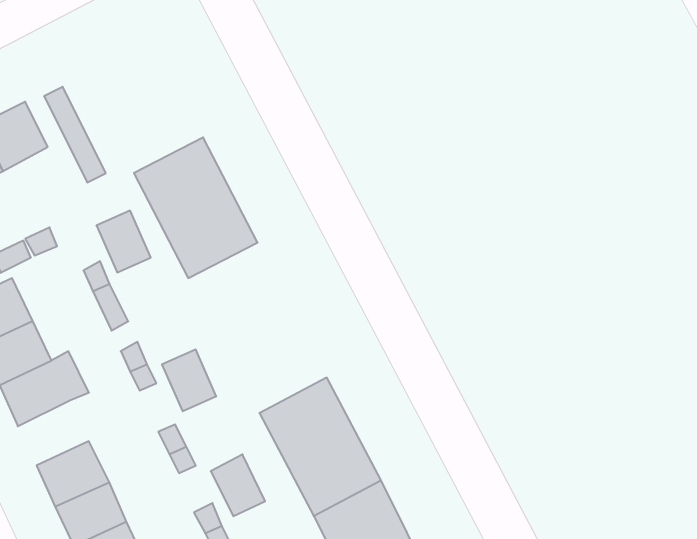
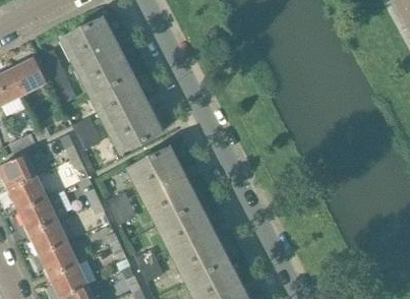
building: none -> [63,18,130,96]
building: none -> [131,148,197,226]
building: none -> [30,219,68,254]

